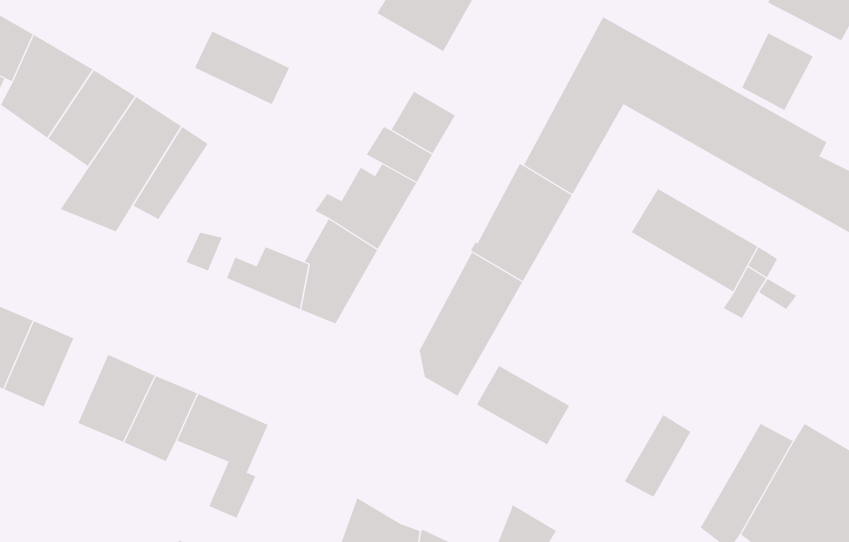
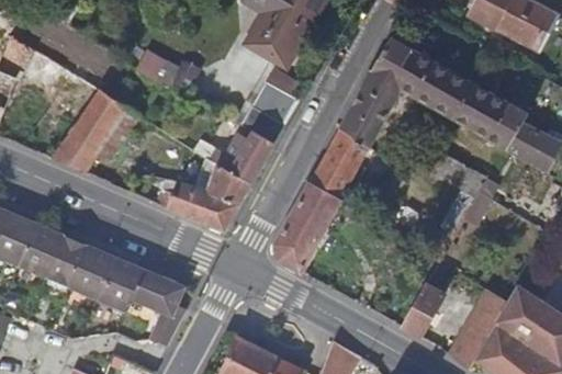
building: [742,33,813,111] -> none
building: none -> [43,236,82,288]
building: [476,365,570,445] -> none

